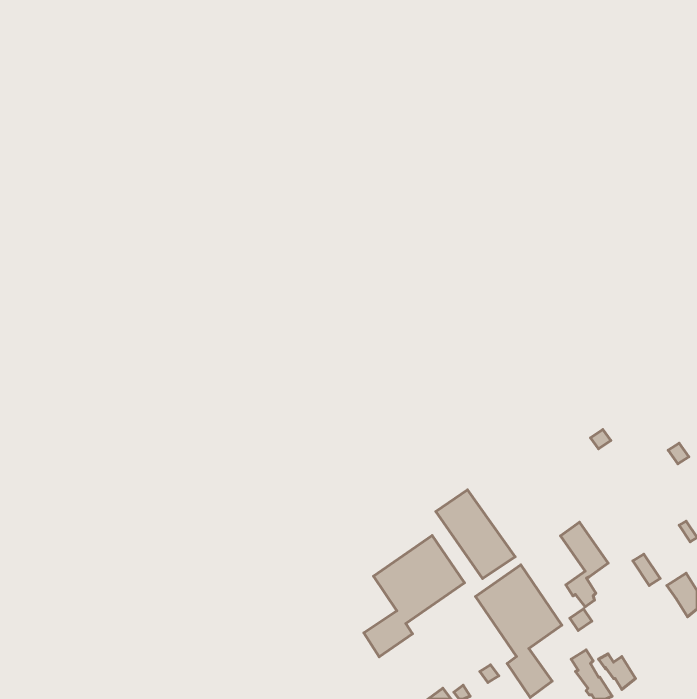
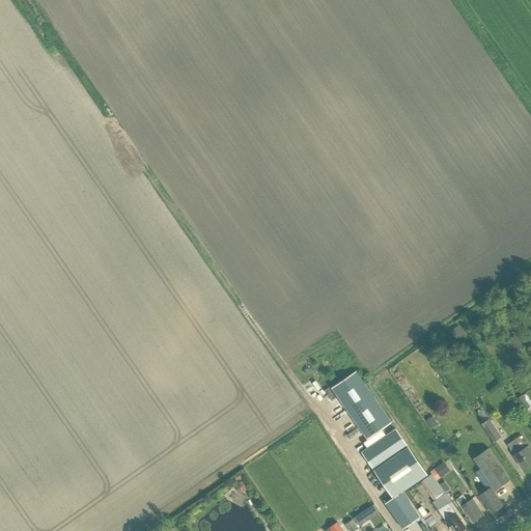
building: [560,522,608,607] -> [473,448,509,512]
building: [364,535,464,657] -> none

